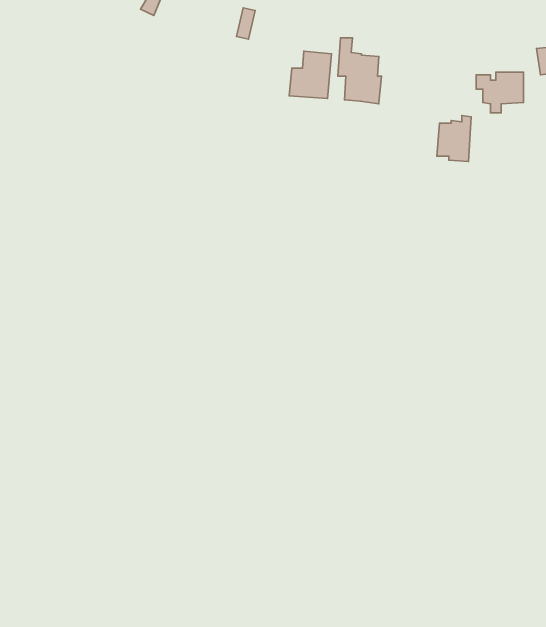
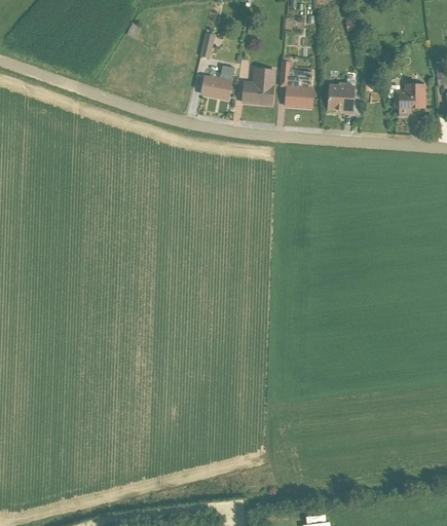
building: none -> [200,66,233,100]
building: [437,115,471,161] -> [327,78,353,114]

